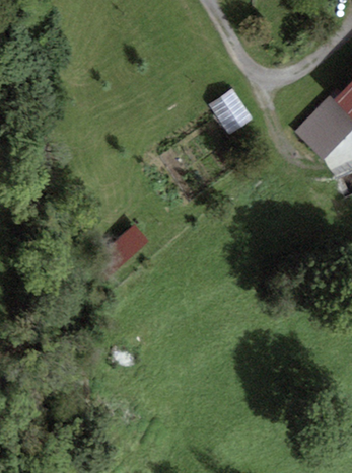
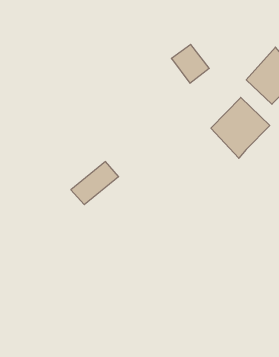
building: none -> [211,97,270,158]

